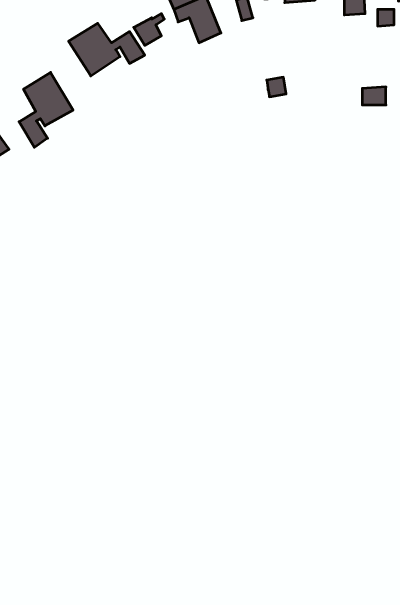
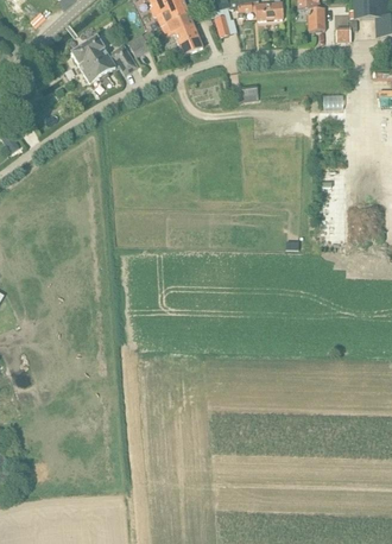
building: [19,72,73,147] -> none

